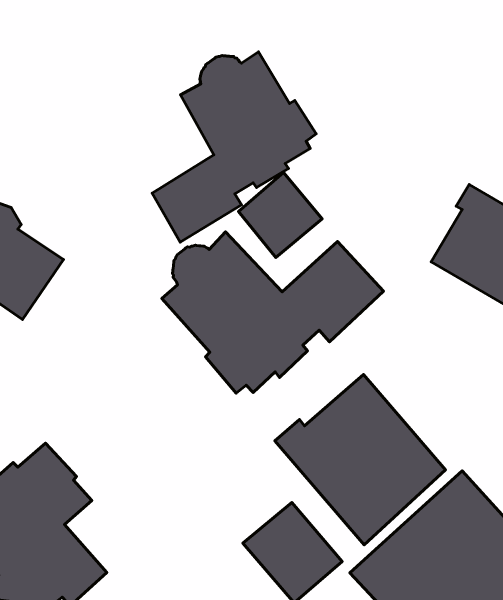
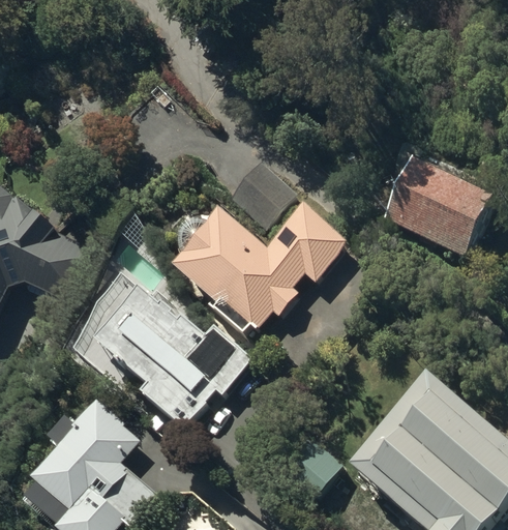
building: [152,52,316,242] -> none
building: none -> [94,281,250,423]
building: [275,375,445,545] -> none

